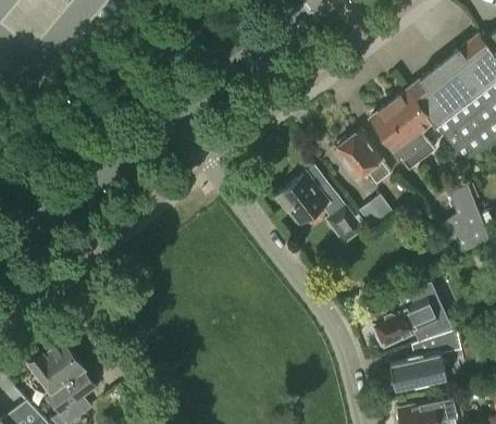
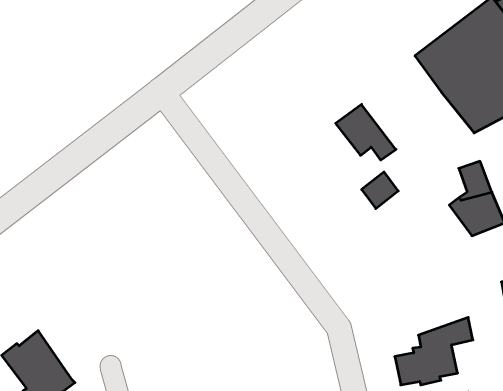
building: [370,88,434,167] -> none
building: [276,166,359,244] -> none
building: [372,286,444,346] -> none

